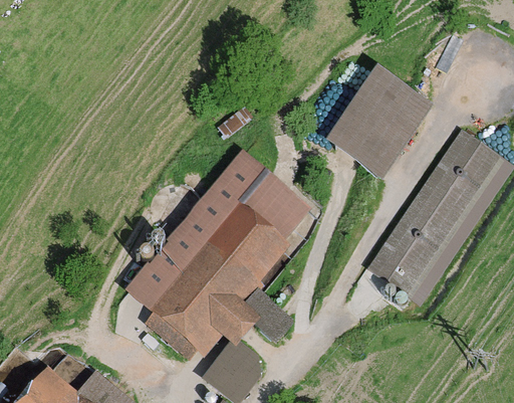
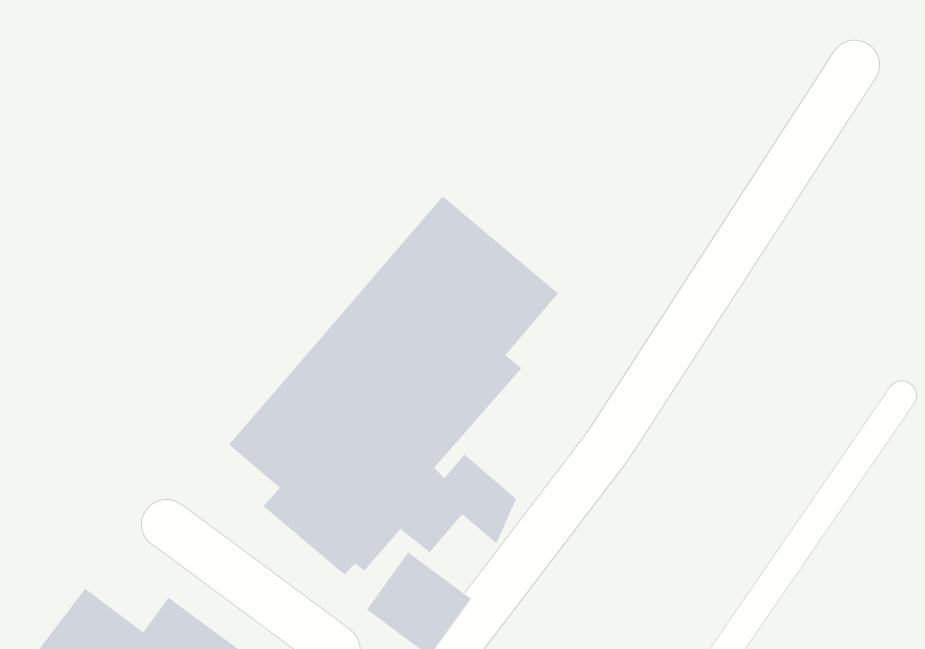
building: [328,67,435,181] -> none
building: [365,132,494,293] -> none

